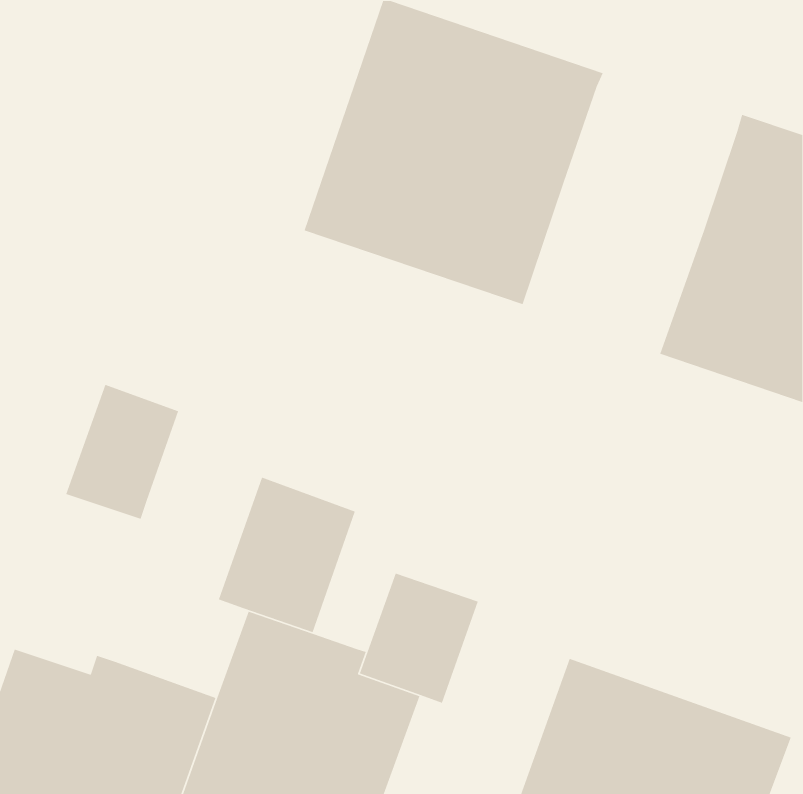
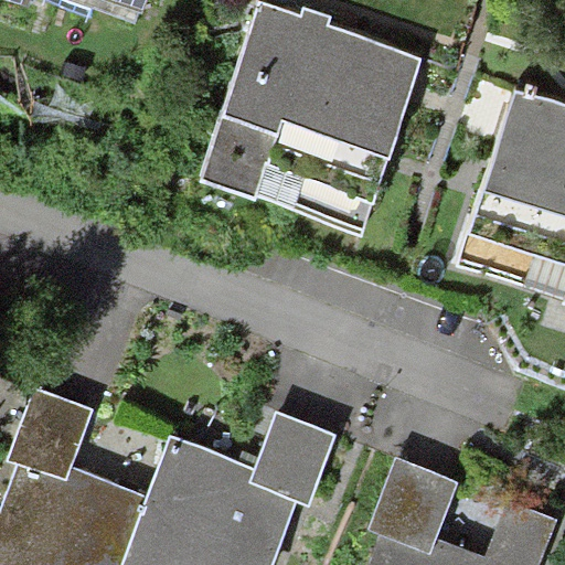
building: [65,384,179,520] -> [10,385,89,480]
building: [218,476,356,633] -> none

